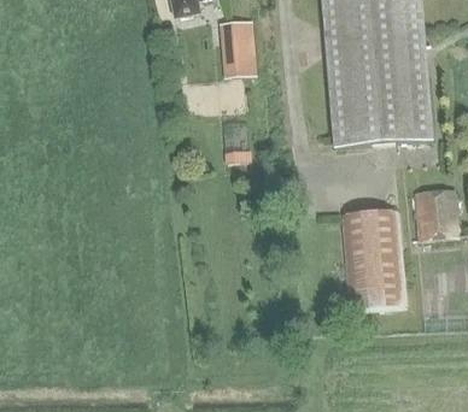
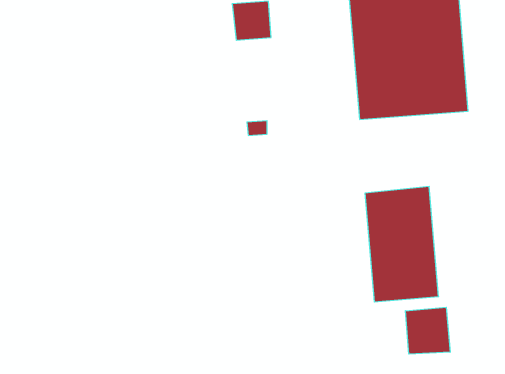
building: [414,187,457,239] -> none
building: none -> [405,307,450,354]

